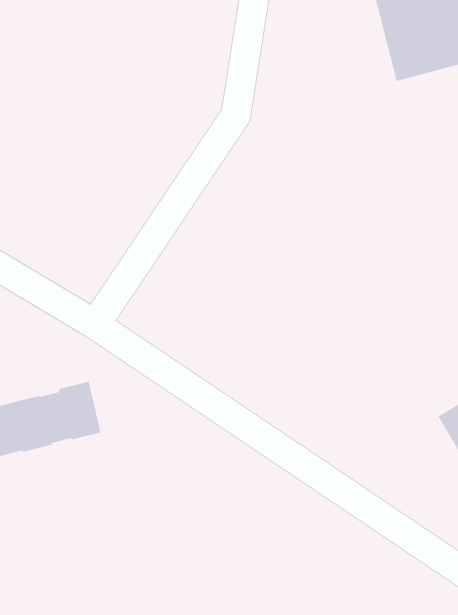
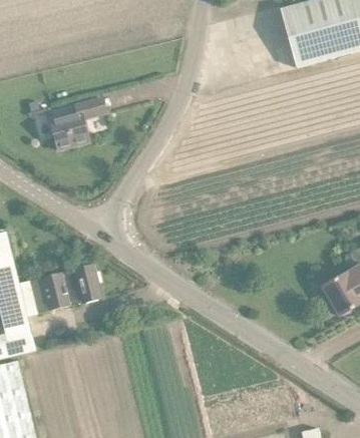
building: none -> [49,98,105,149]

